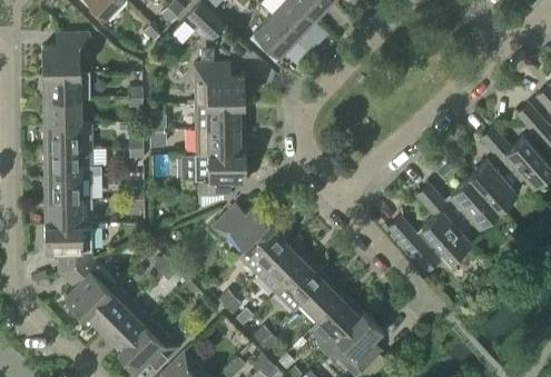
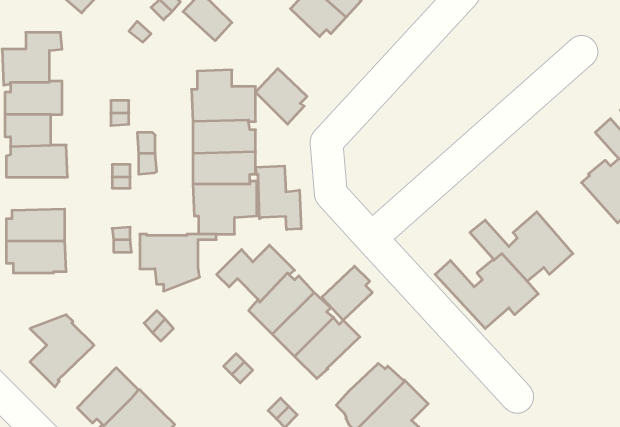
building: [254,16,295,60] -> [256,69,307,124]
building: [469,128,524,211] -> none
building: none -> [256,166,301,230]
building: [45,150,100,177] -> none
building: [45,226,106,271] -> [140,234,216,291]
building: [301,278,342,321] -> [321,266,372,320]
building: [86,285,132,335] -> none

